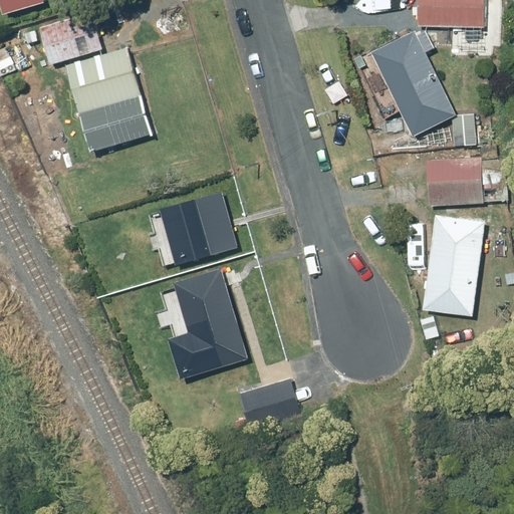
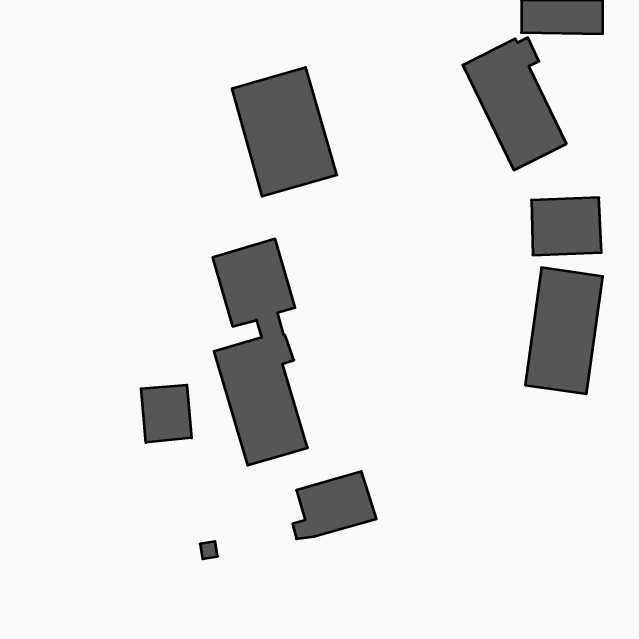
building: [46,19,101,63] -> none
building: [66,48,151,152] -> [232,67,337,196]
building: none -> [141,385,192,443]

